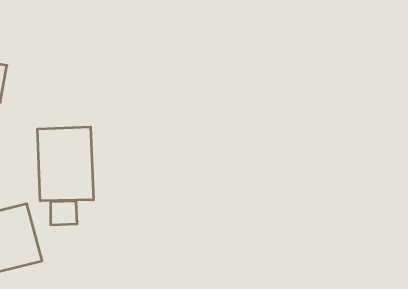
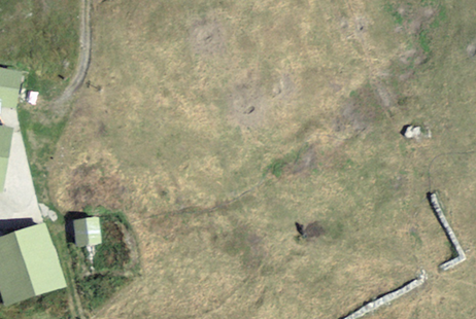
building: [38,127,93,201] -> none

